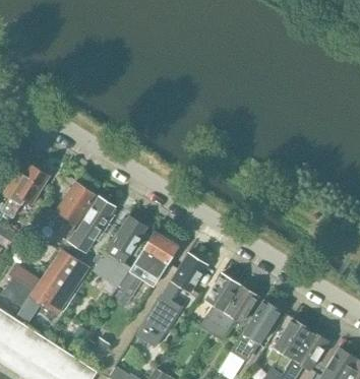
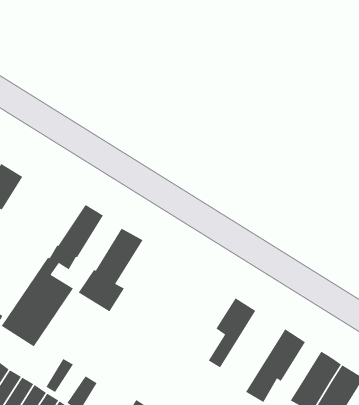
building: [56,182,97,241] -> none
building: [121,233,179,296] -> none
building: [136,253,207,348] -> none
building: [211,286,258,339] -> none

